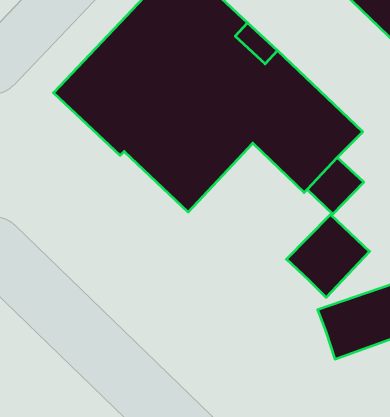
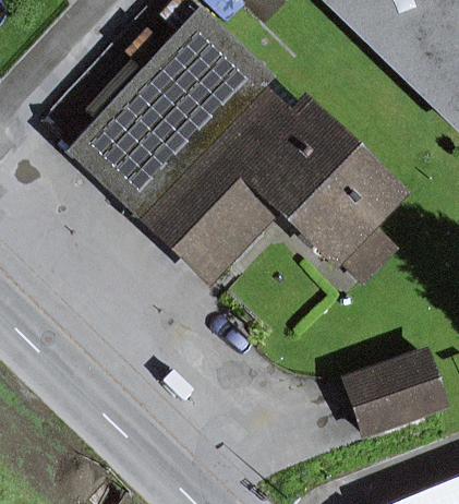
building: [286,214,370,297] -> none

